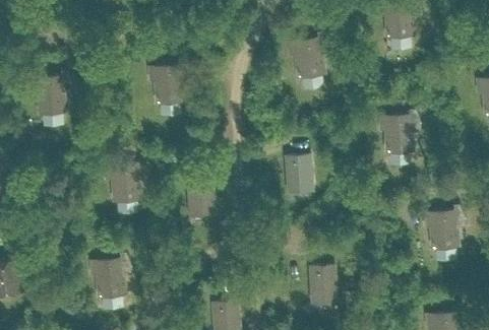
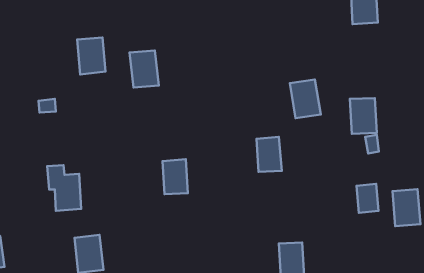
building: [293,39,325,79] -> [290,79,321,118]
building: [37,77,66,116] -> [77,37,105,74]
building: [105,155,140,203] -> [47,165,81,211]
building: none -> [357,184,378,213]

